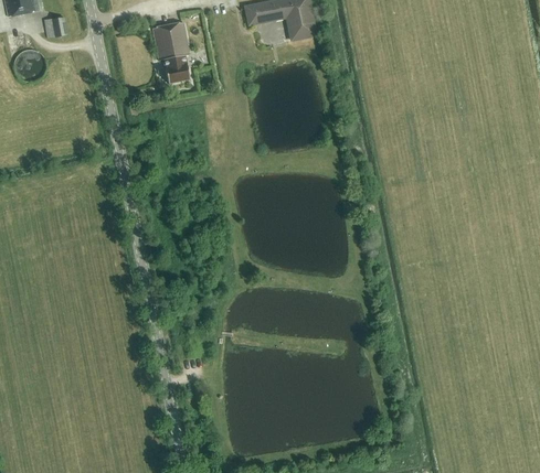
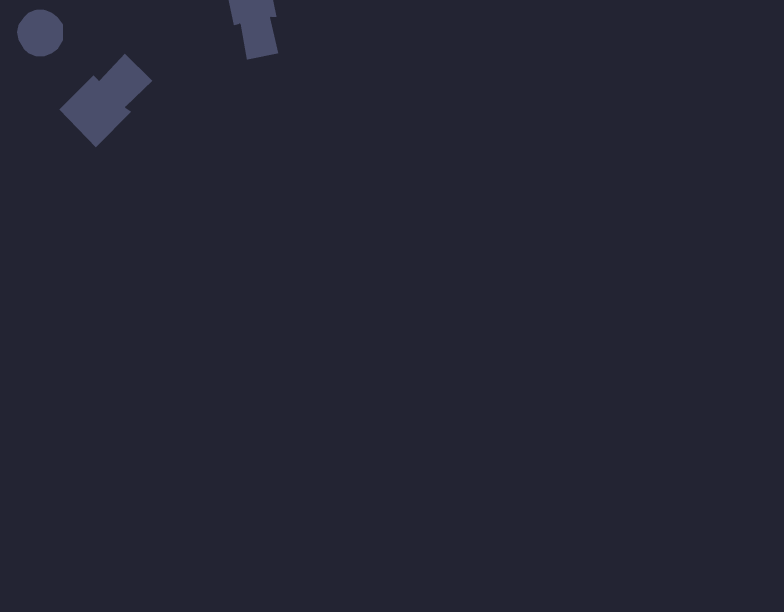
building: none -> [58,53,153,148]

